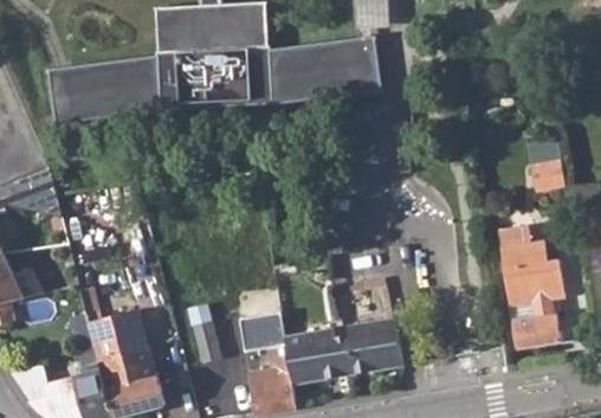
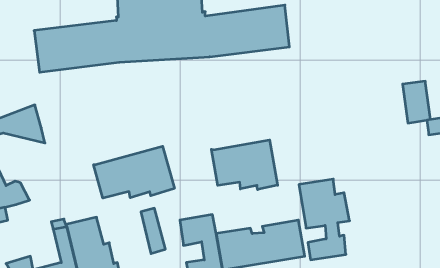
building: none -> [211,140,278,190]
building: none -> [94,146,174,198]
building: [499,240,566,346] -> [299,179,350,260]

